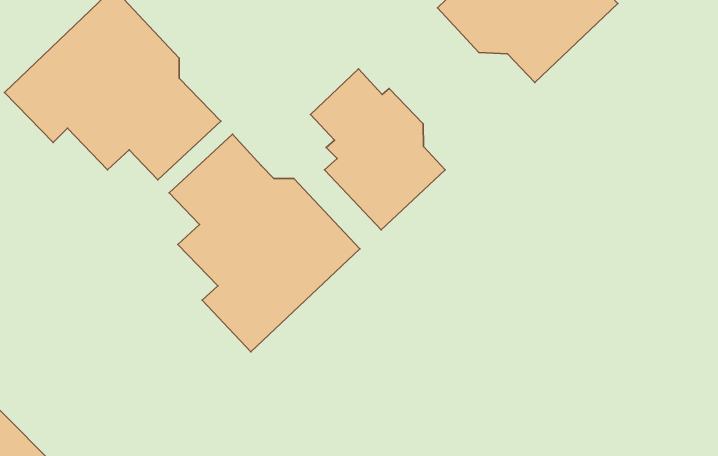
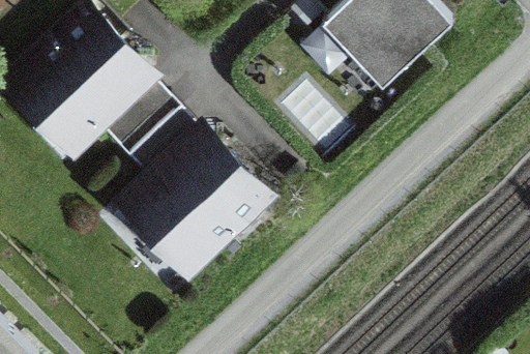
building: [310,69,445,230] -> none

